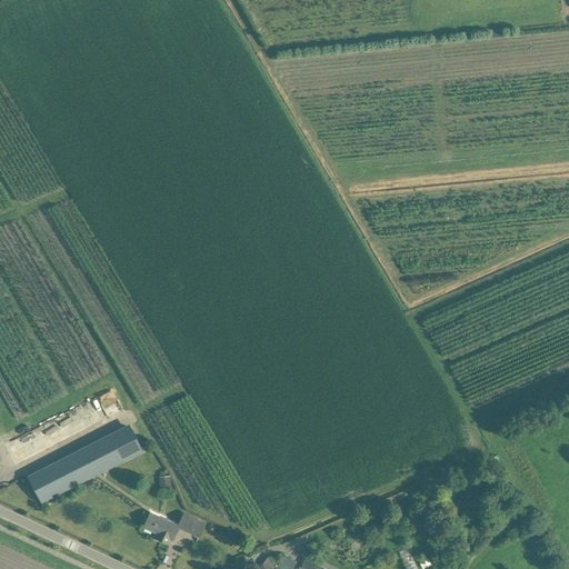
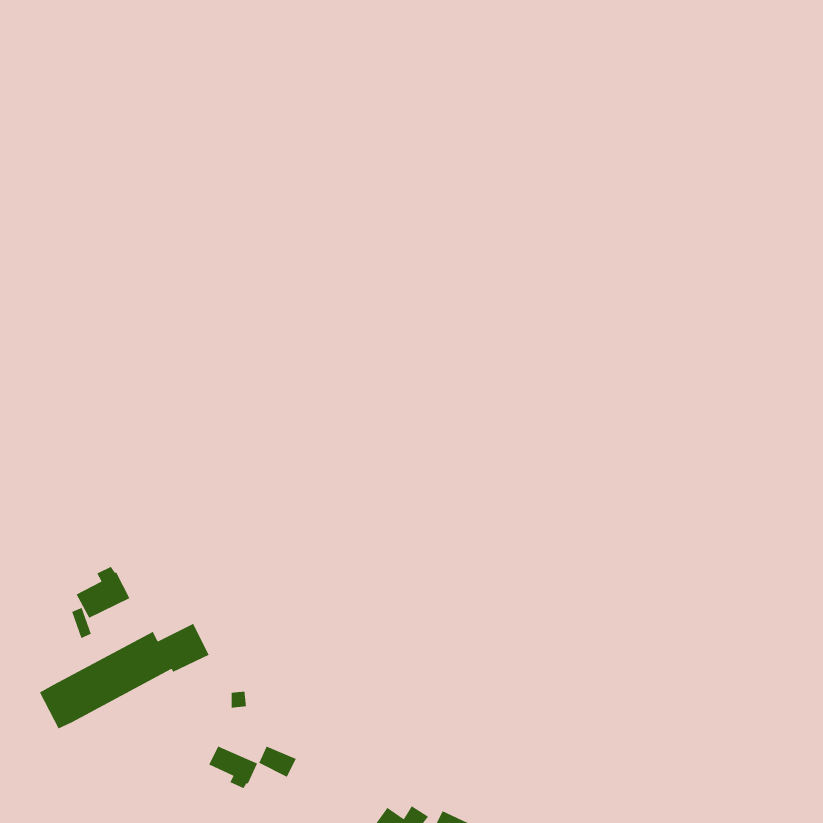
building: none -> [76,566,131,619]

